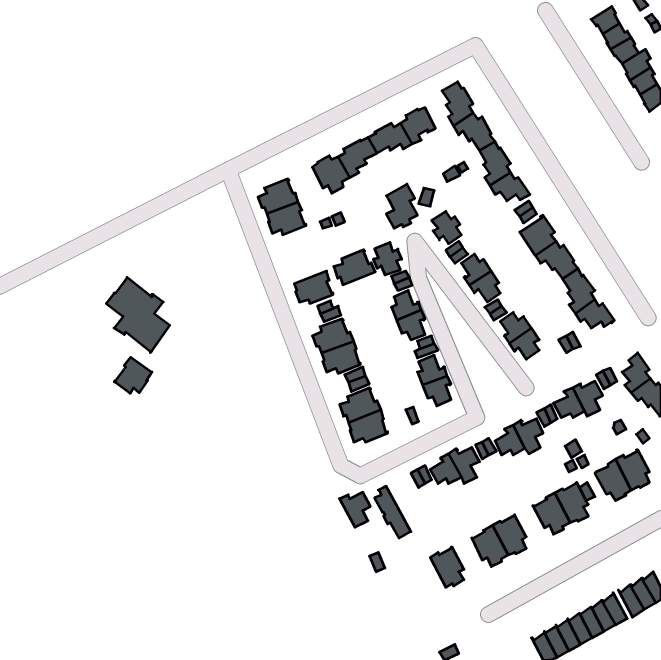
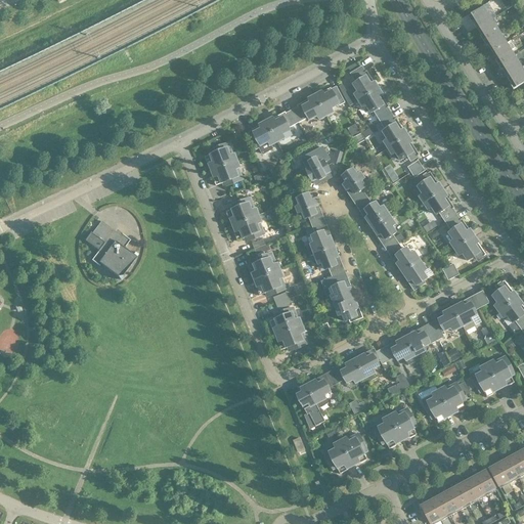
building: [334,250,375,285] -> [225,196,258,224]
building: [114,357,152,393] -> none
building: [339,492,370,527] -> [305,379,330,406]
building: none -> [322,440,352,472]

